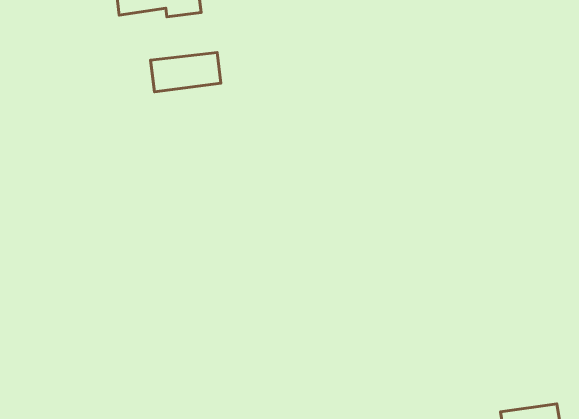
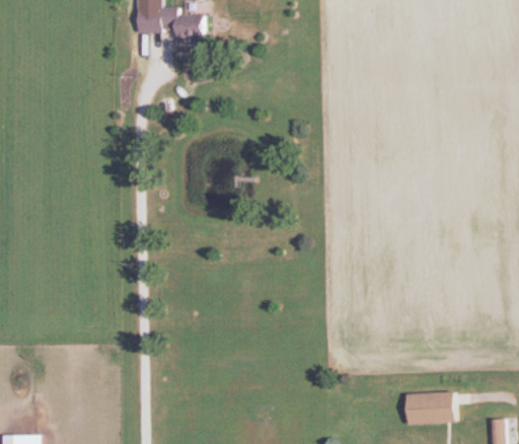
building: [151,52,221,92] -> none

